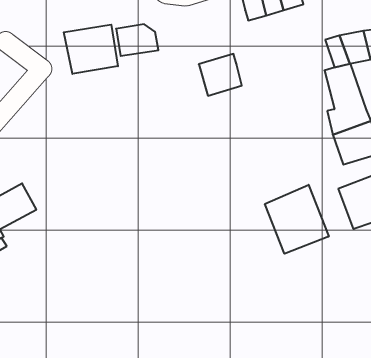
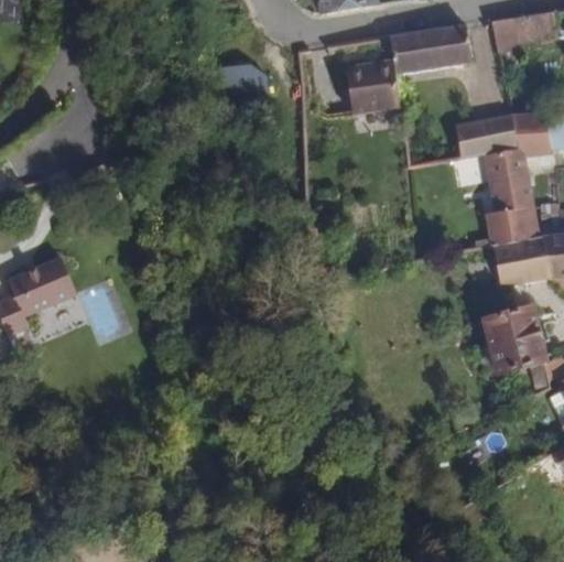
building: [64,25,118,74] -> none
building: none -> [454,116,500,161]
building: [199,54,242,96] -> [341,62,395,114]
building: [265,185,329,254] -> none

